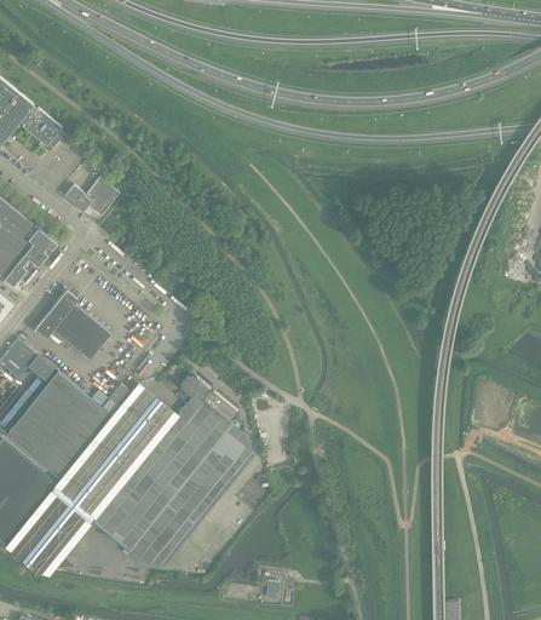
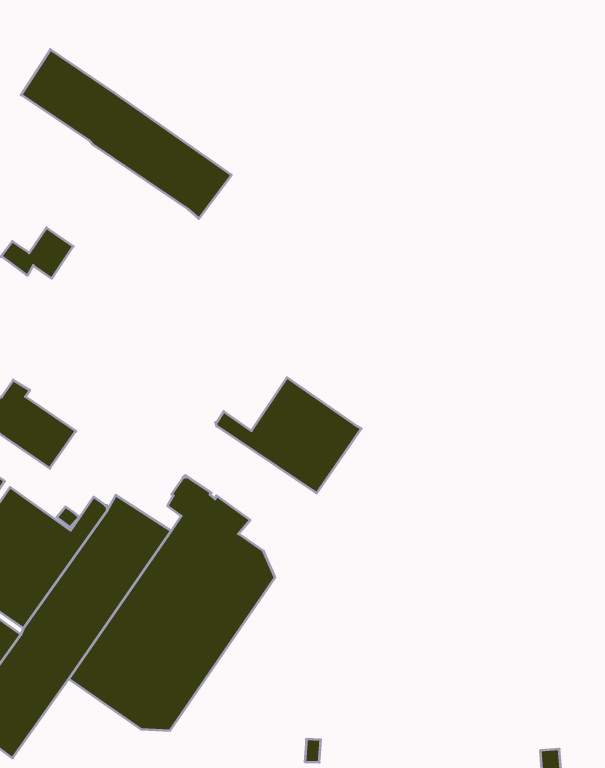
building: none -> [21,49,231,219]
building: none -> [216,378,361,493]

